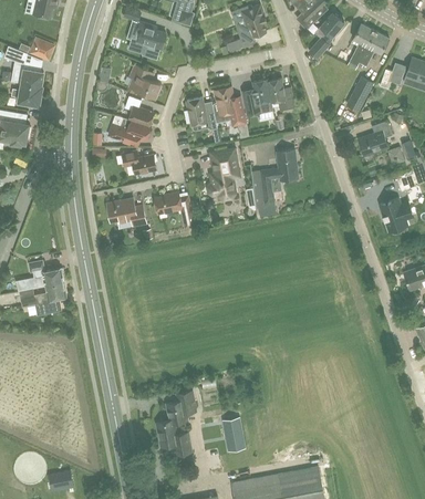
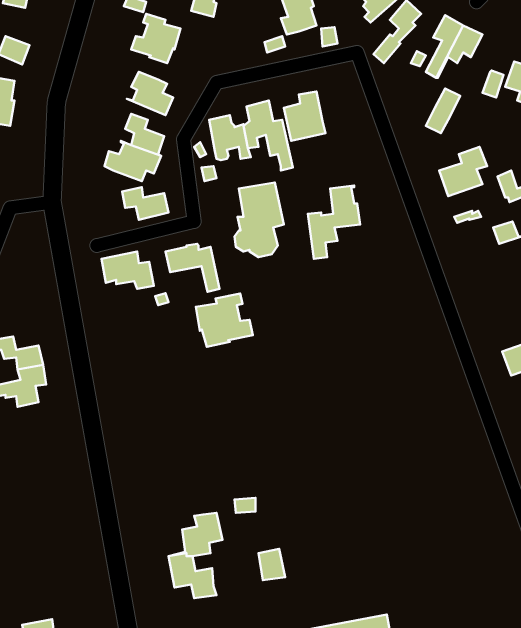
building: [266,77,294,110] -> none
building: [381,199,410,229] -> none
building: none -> [196,294,253,347]

